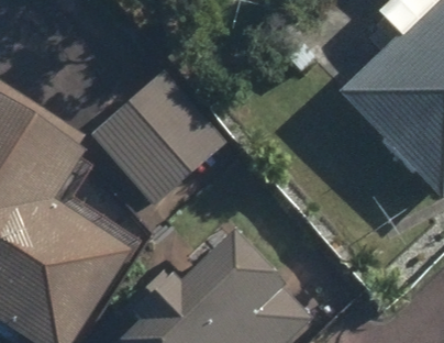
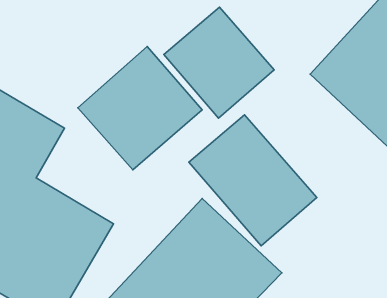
building: none -> [164,7,274,118]
building: none -> [189,115,317,246]

